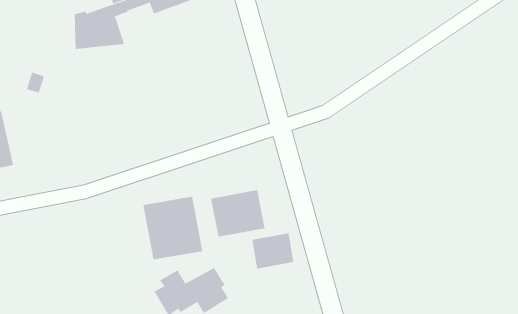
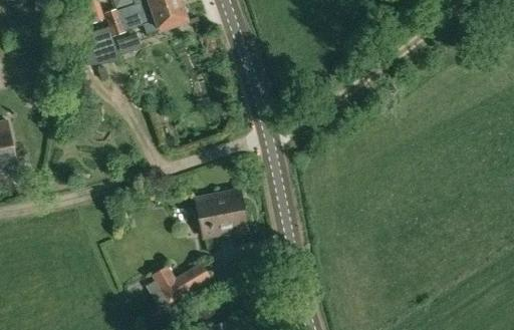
building: [143,196,203,260] -> none
building: [252,232,294,270] -> none

